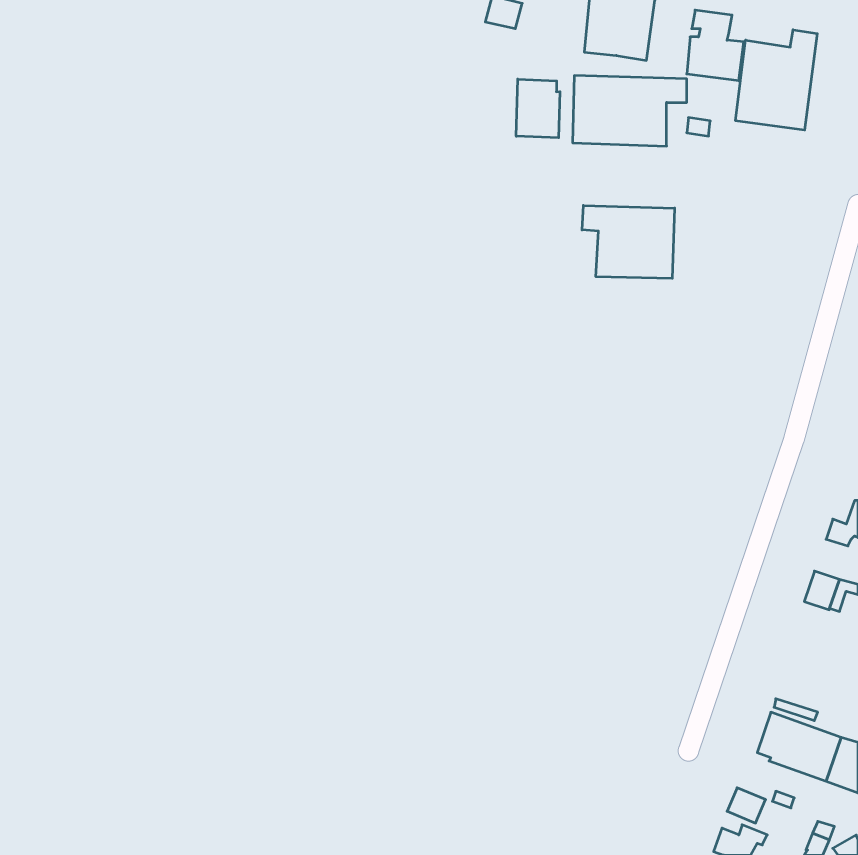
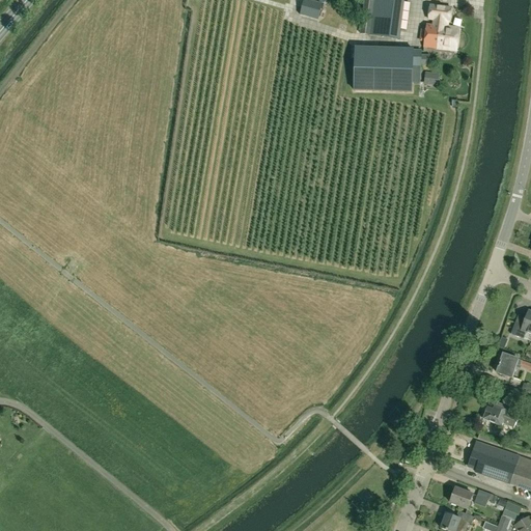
building: [736,30,817,130] -> none
building: [516,79,560,138] -> none
building: [582,205,675,278] -> none
building: none -> [483,398,519,426]

